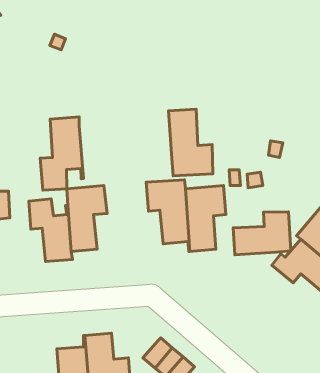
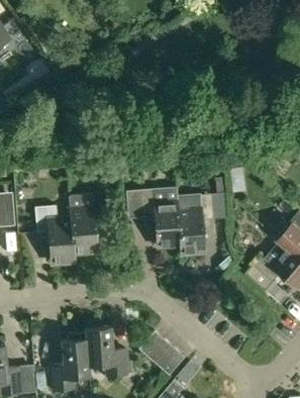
building: [168,109,213,176] -> none
building: [40,117,84,190] -> none
building: [233,212,291,255] -> none

